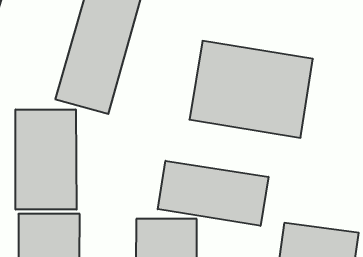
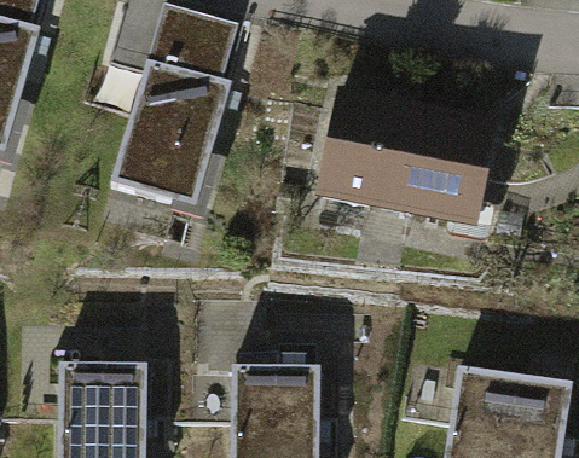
building: [16,109,77,210] -> none
building: [158,161,268,226] -> none

